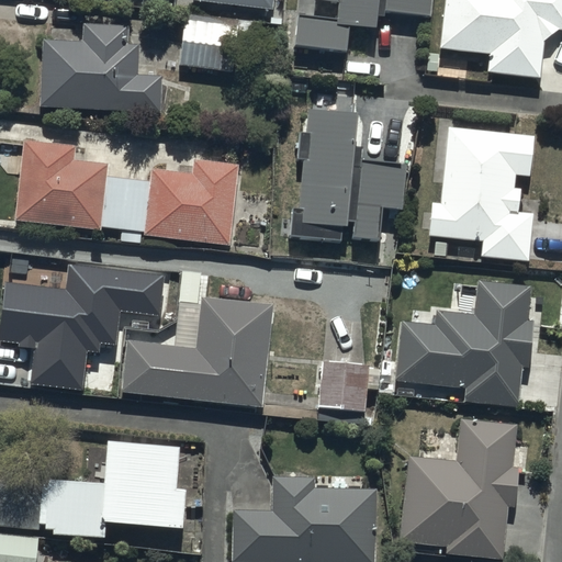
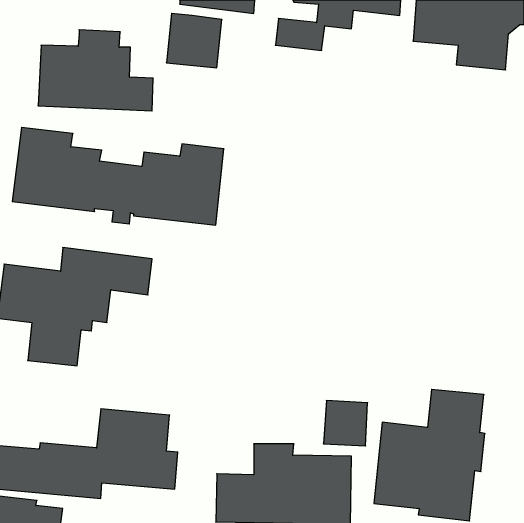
building: [291,108,404,237] -> none
building: [428,131,533,265] -> none
building: [394,280,535,405] -> none
building: [120,294,274,402] -> none
building: [318,361,366,409] -> [323,401,368,446]

